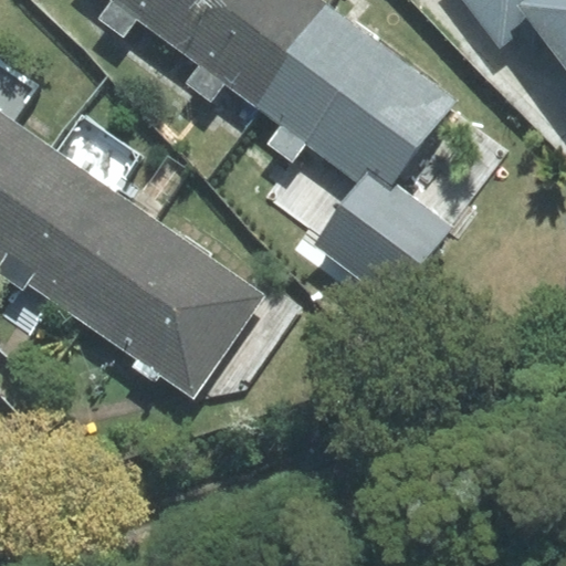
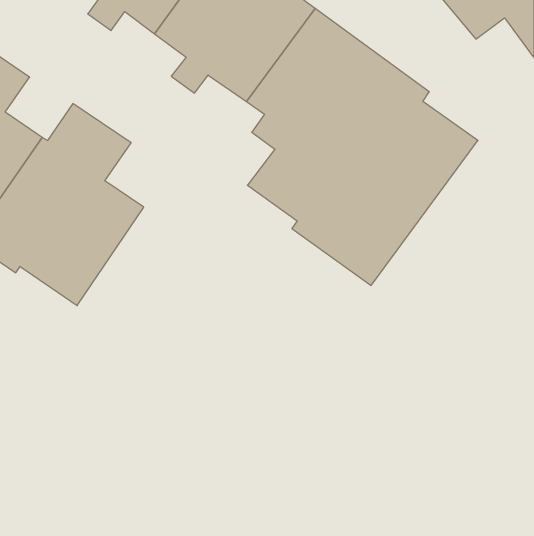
building: [81,217,297,394] -> none

